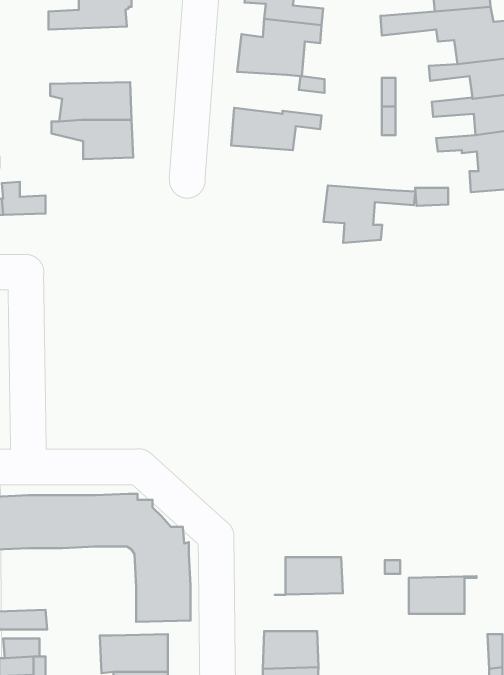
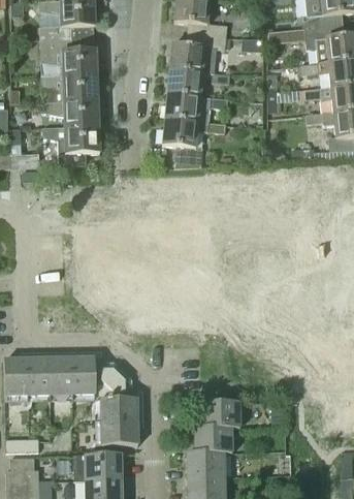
building: none -> [40,38,96,77]
building: none -> [167,69,203,98]
building: none -> [43,127,99,165]
building: [323,186,415,243] -> [162,120,225,159]
building: [409,576,477,614] -> [195,427,242,453]

